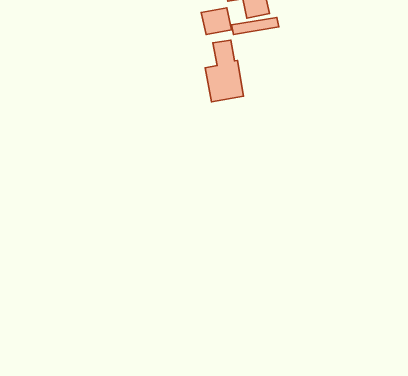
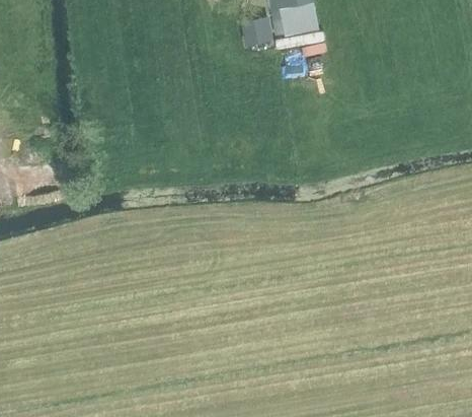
building: [205,40,243,102] -> none

